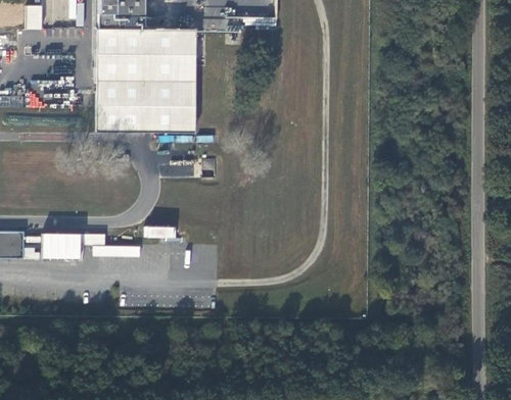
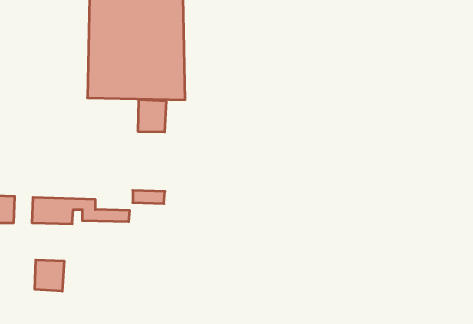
building: none -> [138,99,166,132]
building: none -> [35,260,64,291]

